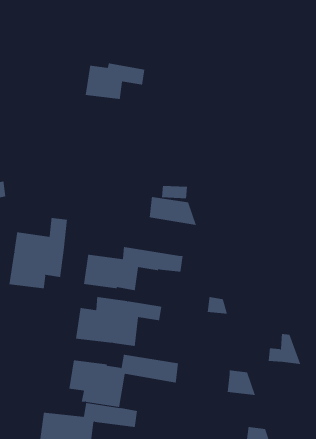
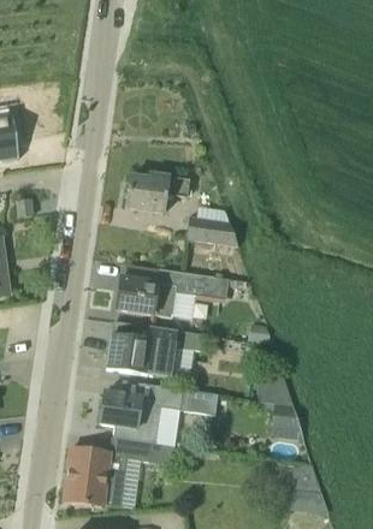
building: [85,63,145,100] -> [125,172,190,212]
building: [9,217,68,289] -> none
building: [268,333,301,364] -> [257,370,294,404]

